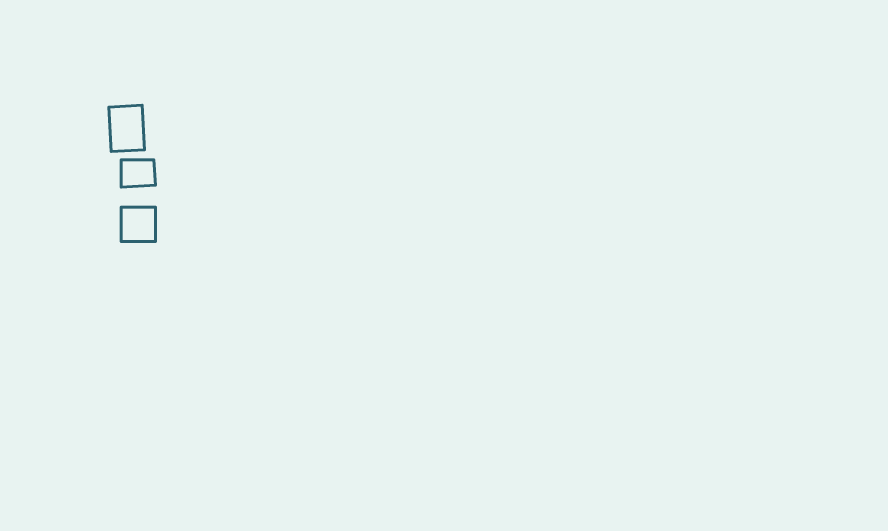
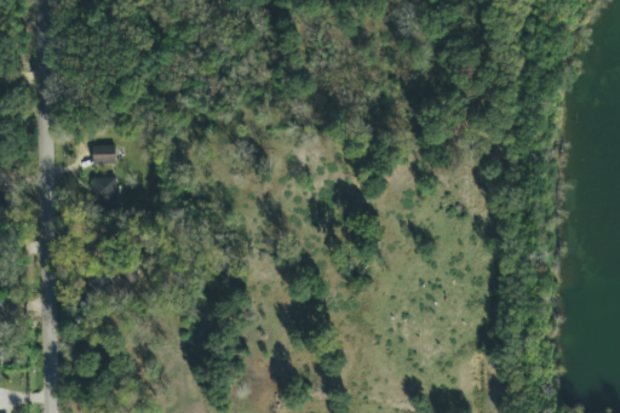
building: [109,105,145,151] -> none

